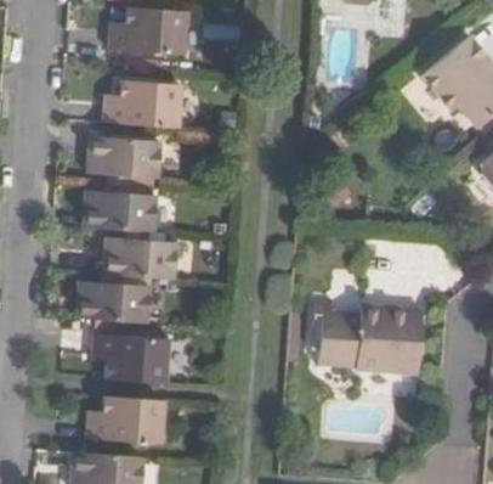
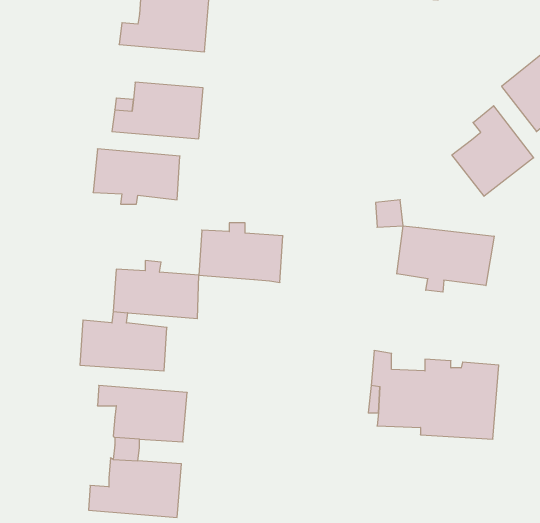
building: none -> [452,106,534,196]
building: [83,181,153,231] -> [199,223,283,282]
building: none -> [397,226,494,292]

